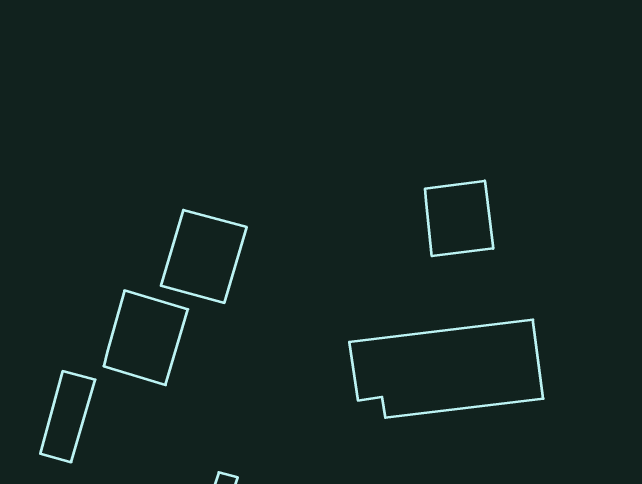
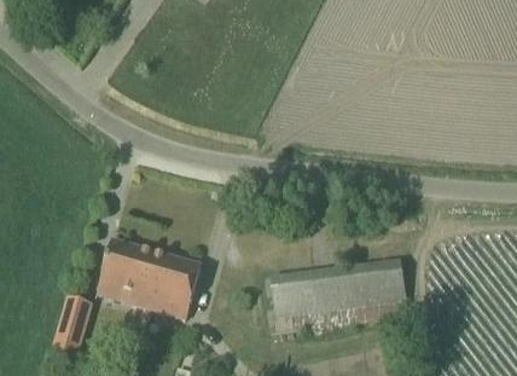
building: [425,181,493,256] -> none
building: [161,210,247,303] -> [140,251,201,317]

